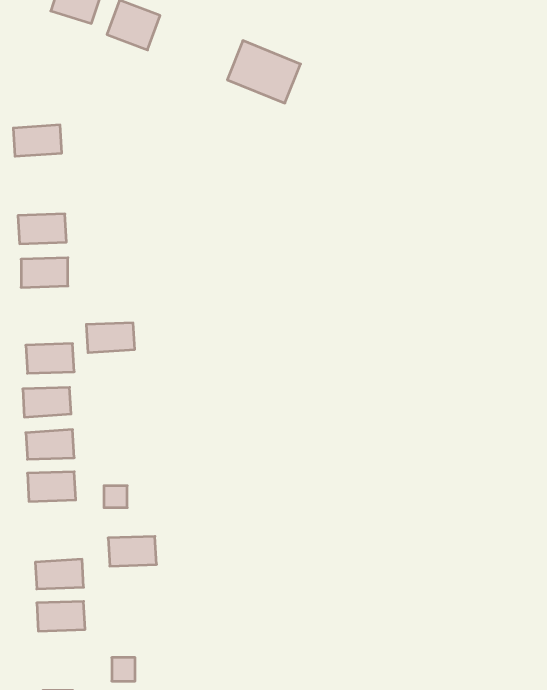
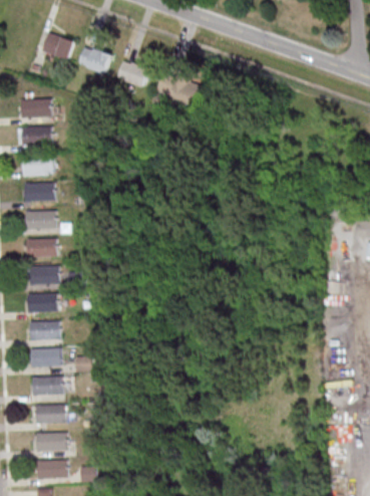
building: none -> [119,59,153,88]
building: none -> [20,98,51,117]
building: none -> [22,154,53,173]
building: [86,323,135,353] -> [25,239,56,258]
building: [108,536,157,566] -> [31,377,62,396]
building: none -> [36,460,67,480]

